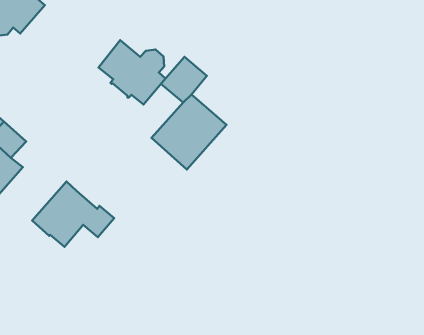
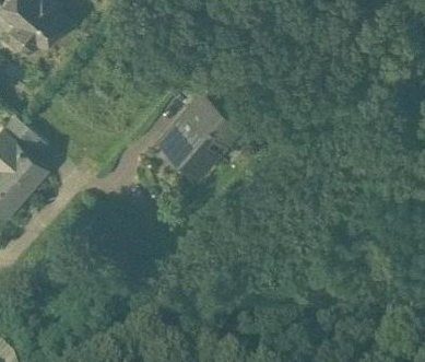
building: [99,40,165,105] -> none
building: [32,181,114,247] -> none

